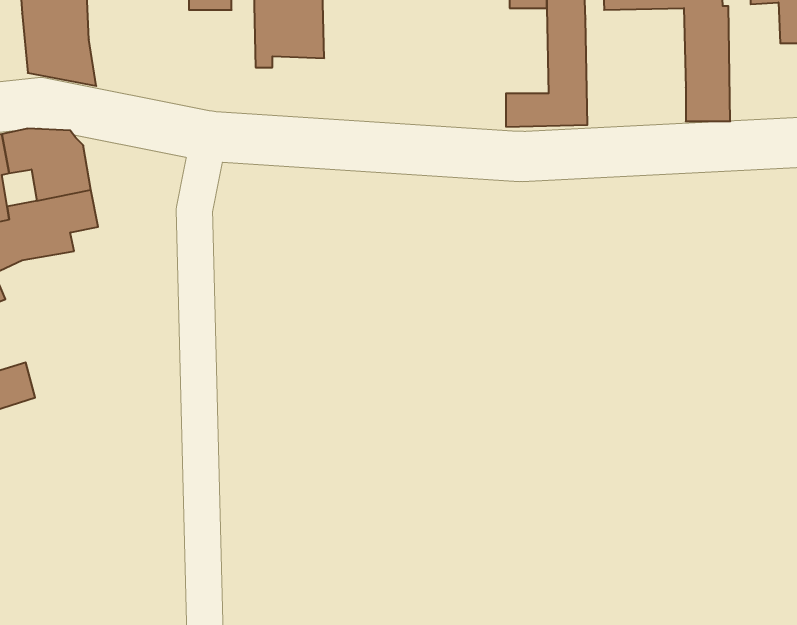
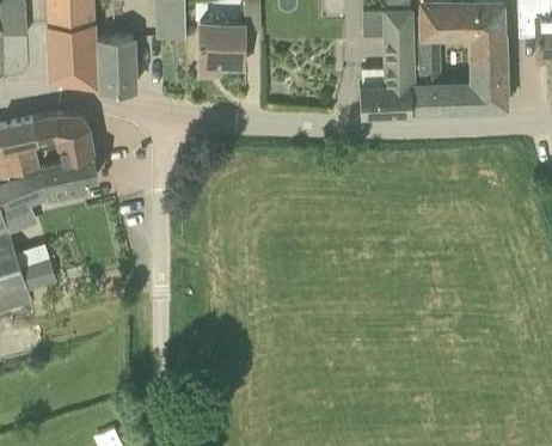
building: none -> [97,36,136,90]
building: none -> [412,42,477,110]

